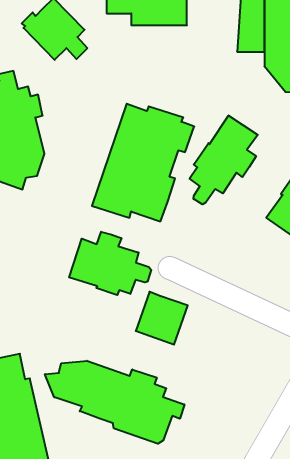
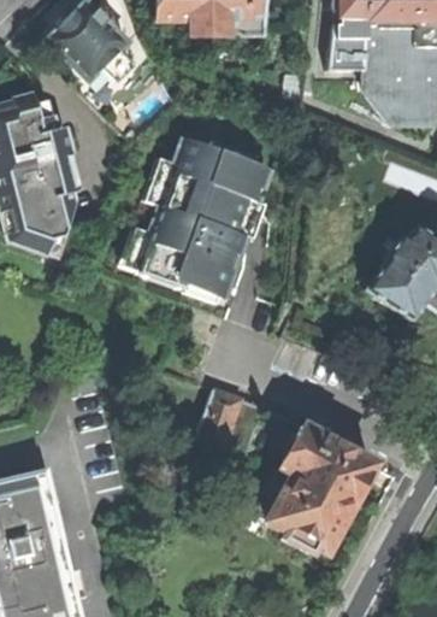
building: [190,115,258,204] -> none
building: [69,232,151,295] -> none
building: none -> [250,423,376,554]
building: [45,361,184,444] -> none

